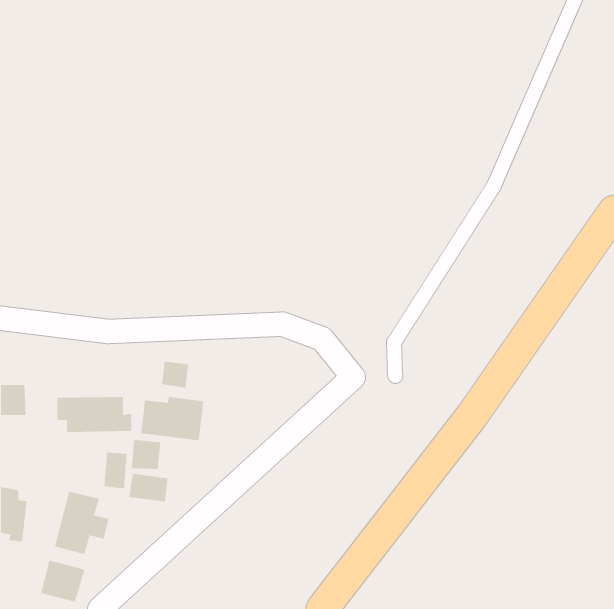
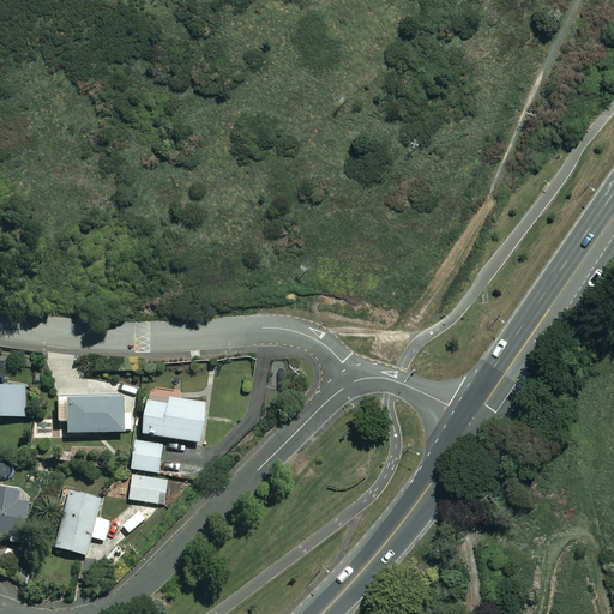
building: [161,361,189,389] -> none
building: [104,452,127,489] -> none
building: [40,560,85,602] -> none

